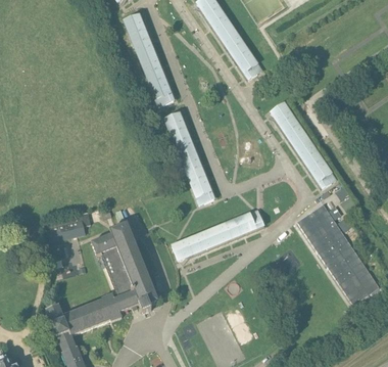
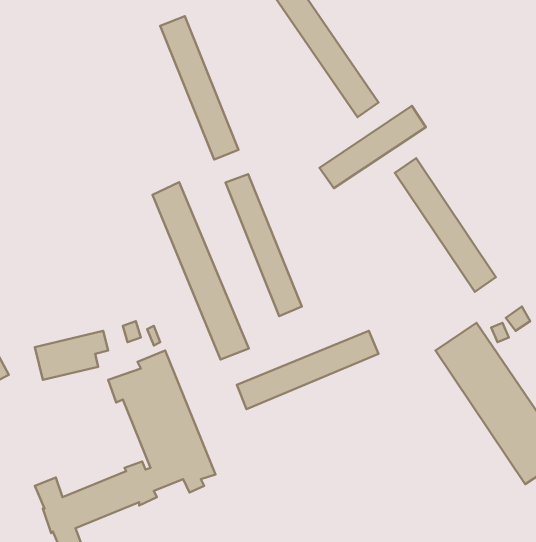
building: none -> [319,106,426,188]
building: none -> [152,182,249,359]

